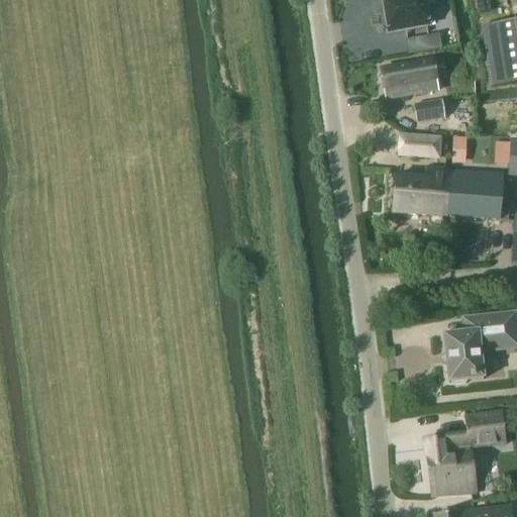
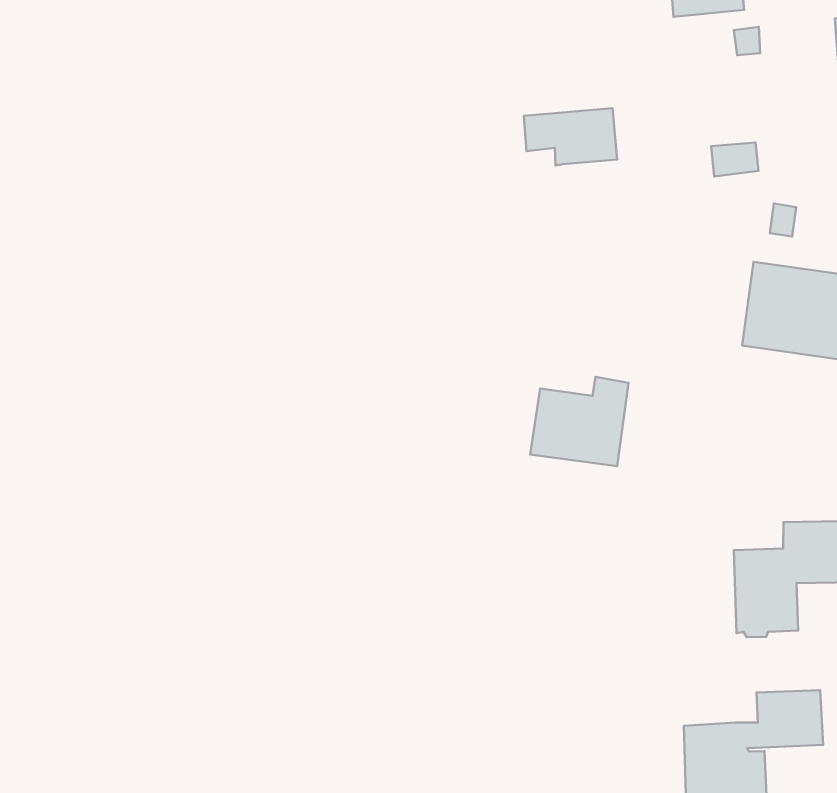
building: [383,59,438,94] -> [524,108,617,165]
building: [399,132,441,154] -> none
building: [392,165,445,215] -> [530,377,629,466]

